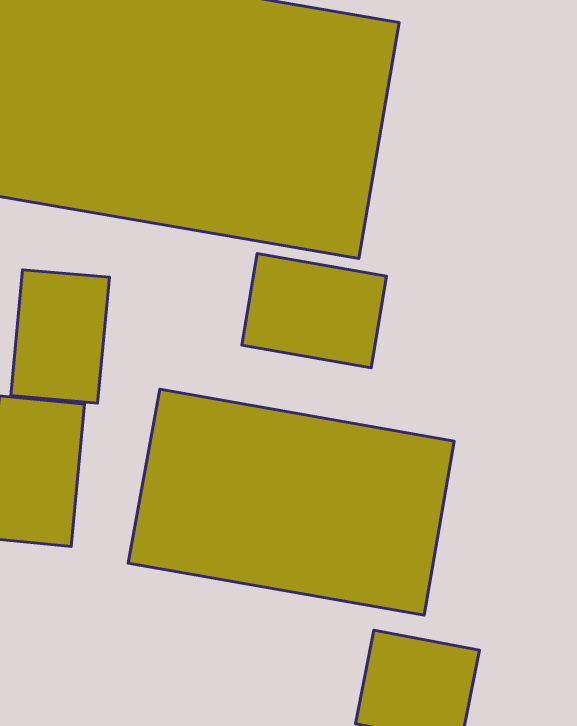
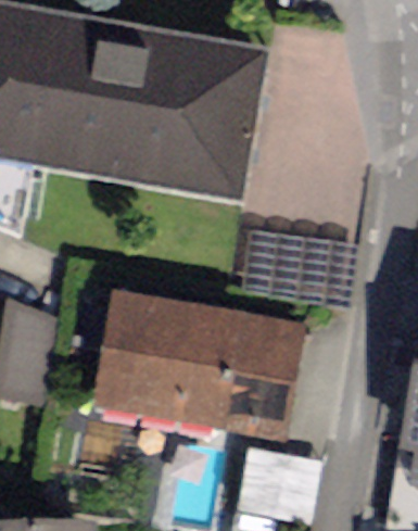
building: [242,253,386,368] -> none
building: [11,270,109,403] -> none

